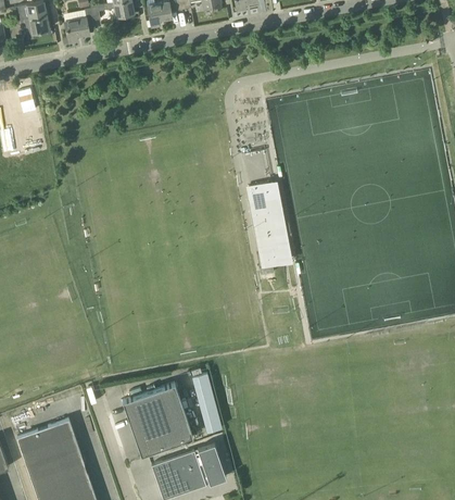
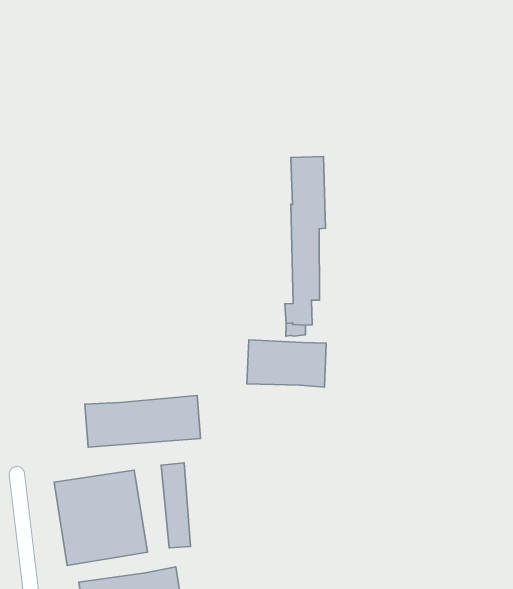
building: none -> [247,340,326,387]
building: none -> [85,396,201,447]

